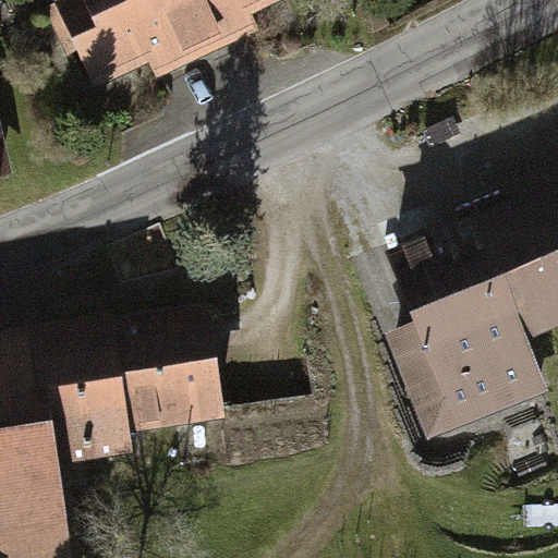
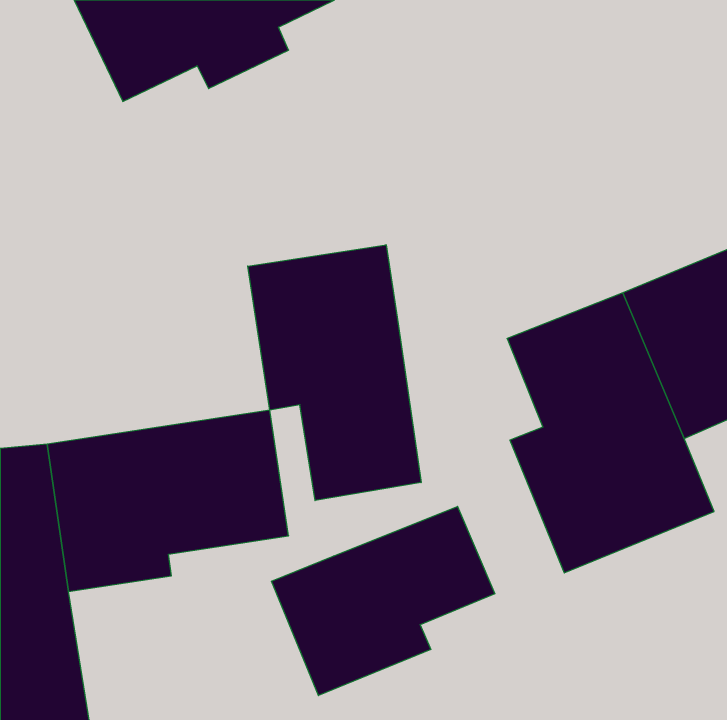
building: none -> [248,245,421,501]
building: none -> [272,506,495,696]

